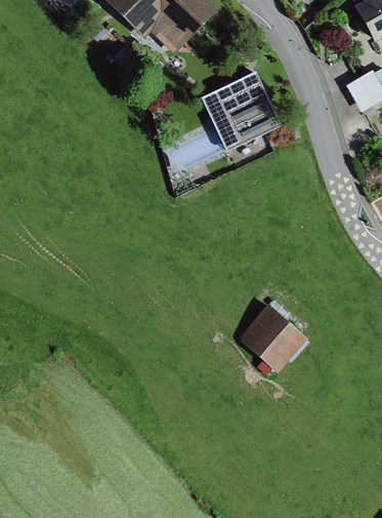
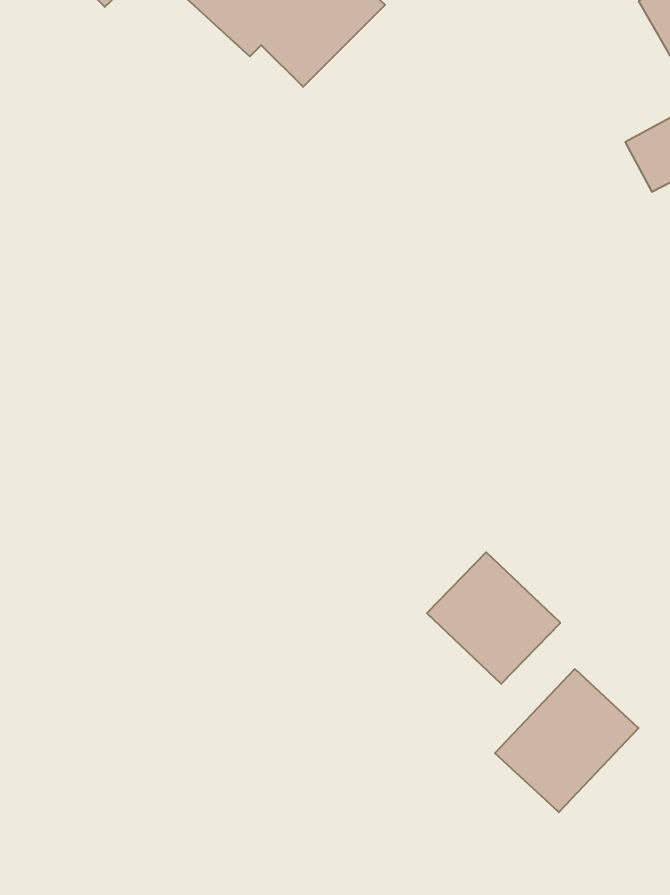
building: [202,72,280,151] -> none
building: none -> [495,669,639,812]

